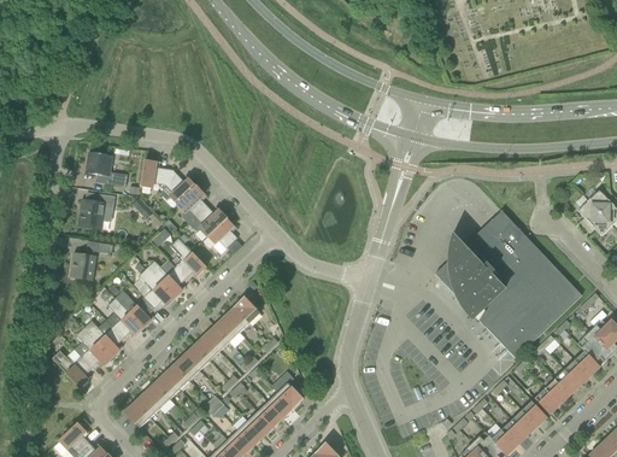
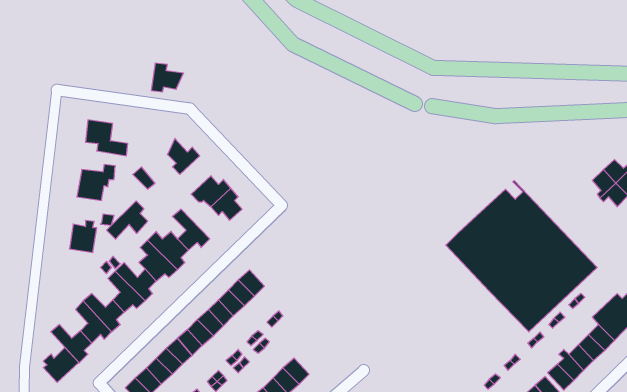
building: [140,160,171,188] -> [151,63,184,92]
building: [176,187,206,224] -> none
building: none -> [107,201,148,239]
building: none -> [43,347,79,382]

